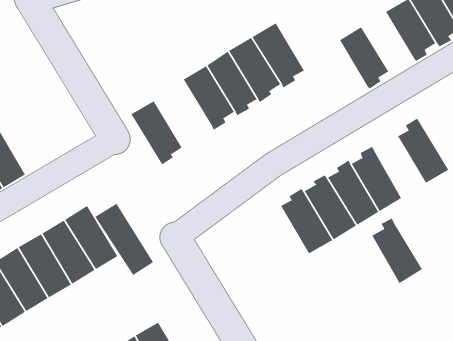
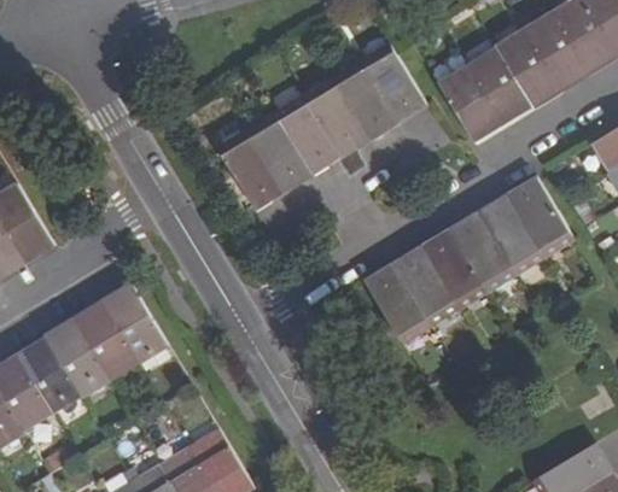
building: none -> [362,41,426,122]
building: none -> [467,46,530,124]
building: [131,100,183,165] -> [218,129,282,209]
building: [95,203,154,276] -> none
building: [372,218,423,284] -> [483,194,546,275]

